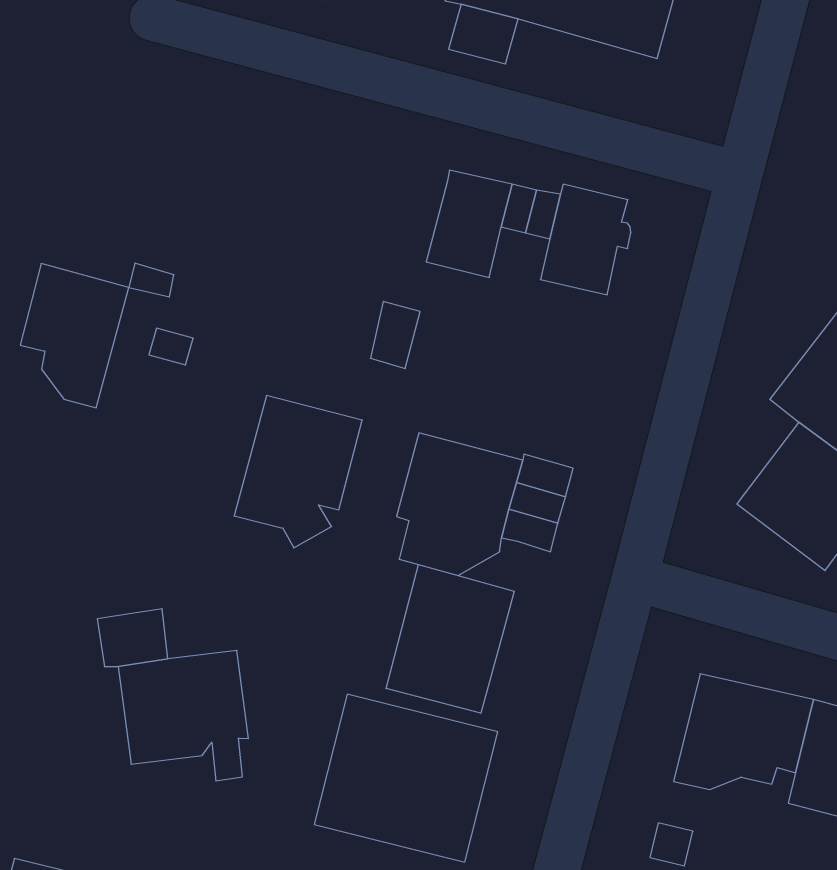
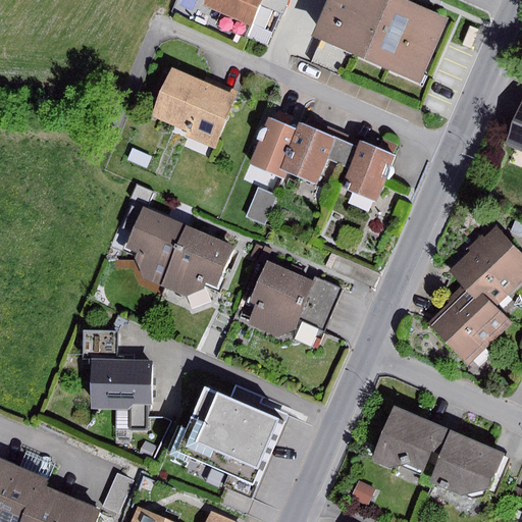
building: none -> [152,68,239,148]
building: none -> [249,117,300,177]
building: [20,264,129,408] -> [127,208,189,288]
building: [386,565,514,713] -> none

